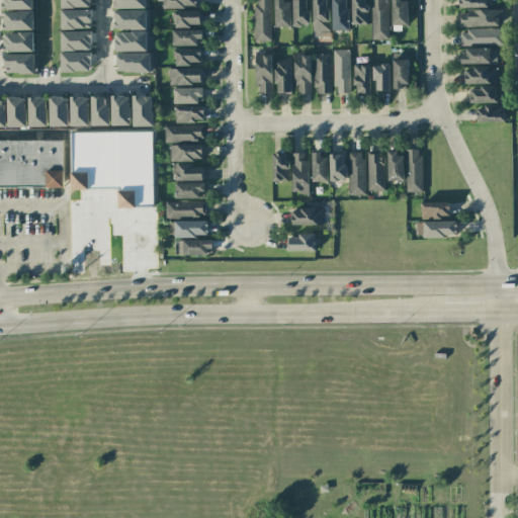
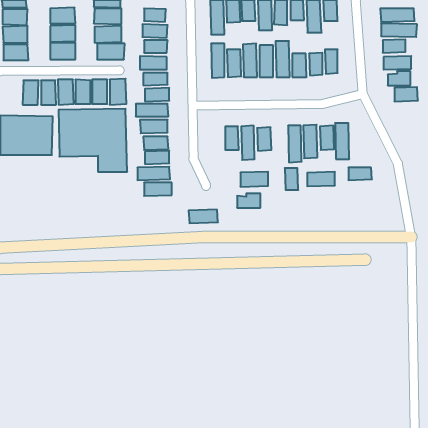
building: [7,97,26,126] -> none
building: [329,154,345,180] -> [285,168,298,190]
building: [423,221,456,238] -> [307,172,335,186]
building: [177,239,212,255] -> [189,210,218,223]

